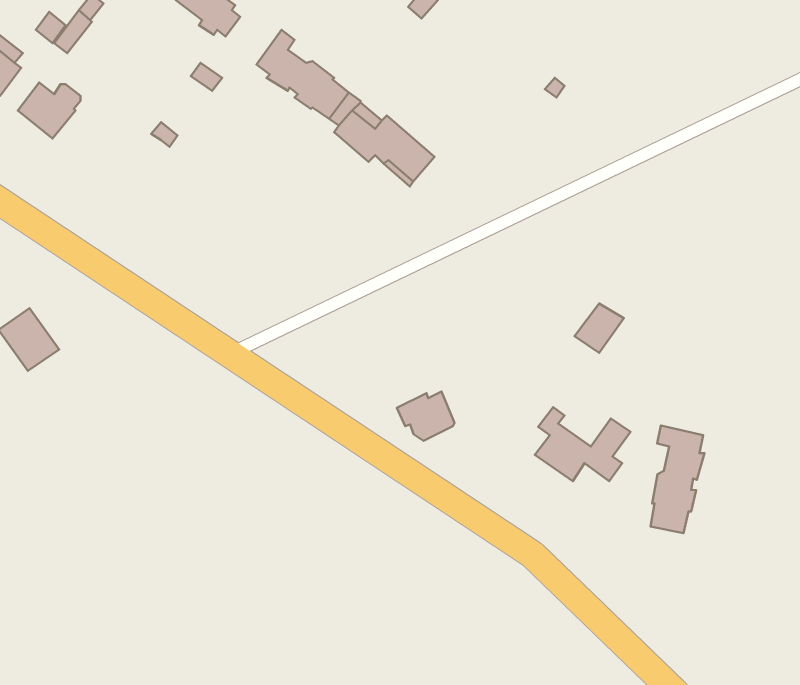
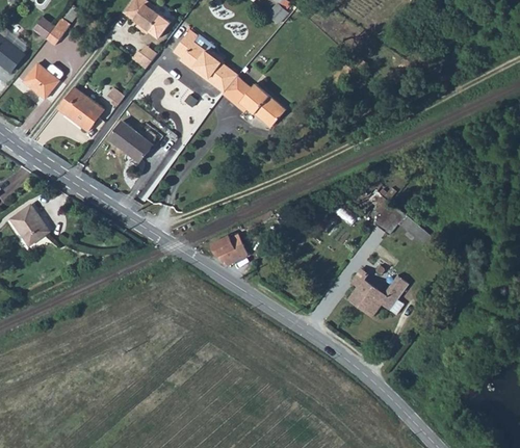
building: none -> [57,87,103,131]
building: none -> [107,122,153,162]
building: [397,392,455,441] -> [210,235,246,266]
building: [651,426,704,533] -> none

